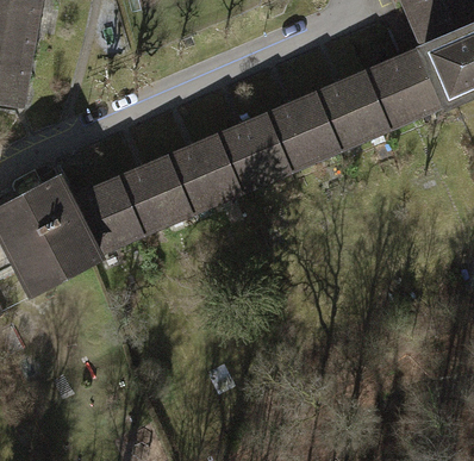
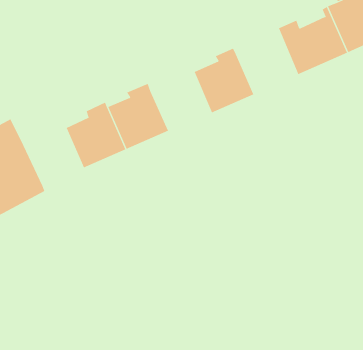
building: [317,71,387,148] -> none
building: [219,113,288,189] -> none
building: [74,179,142,253] -> none

